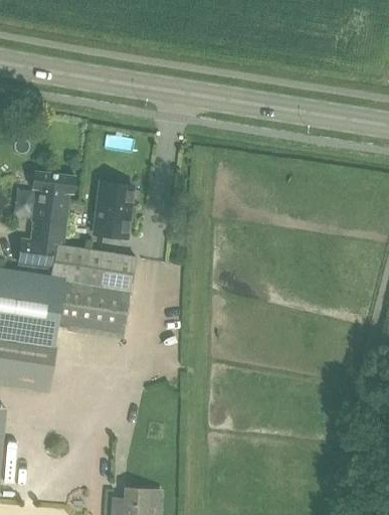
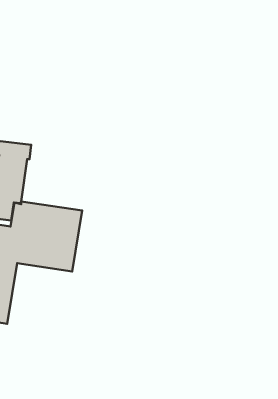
building: [92,180,133,237] -> none

